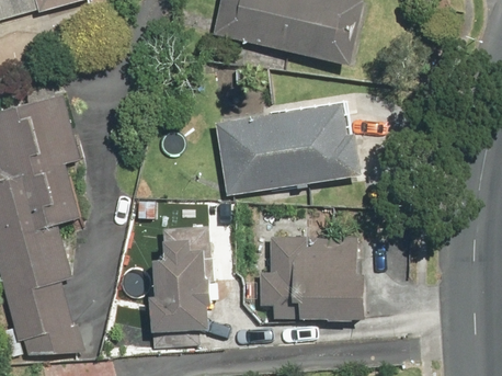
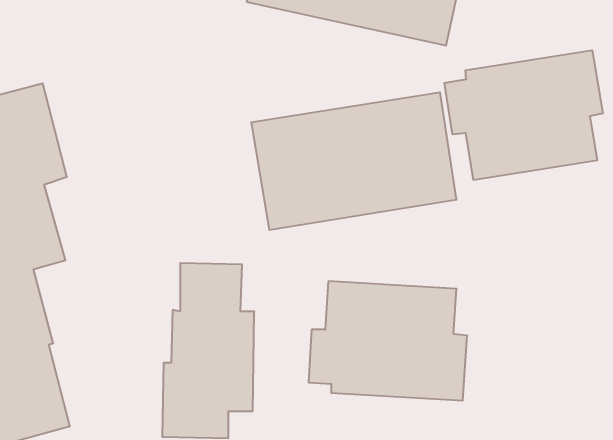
building: none -> [444,50,603,180]

